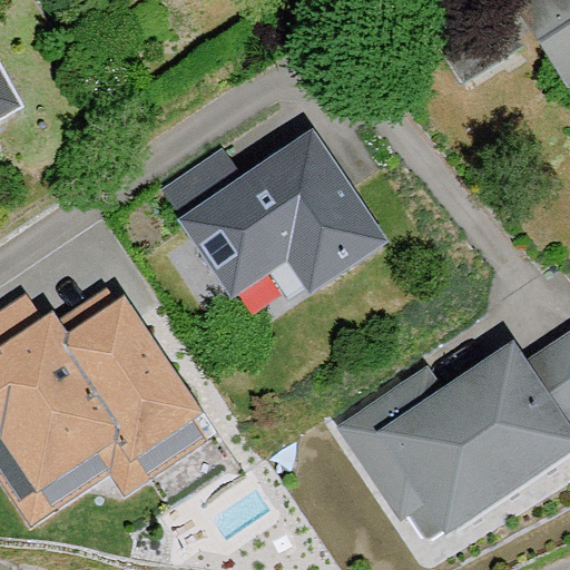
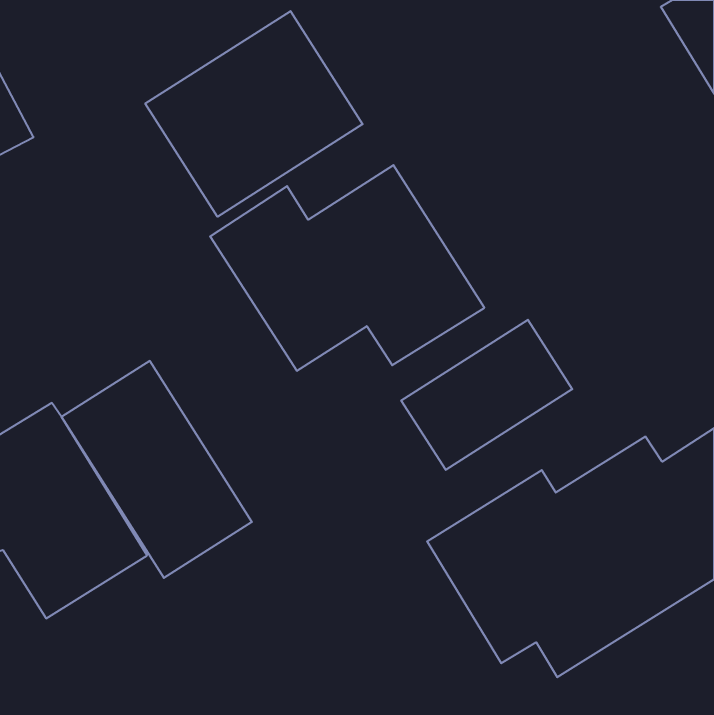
building: none -> [145,11,363,217]
building: none -> [401,320,572,470]

